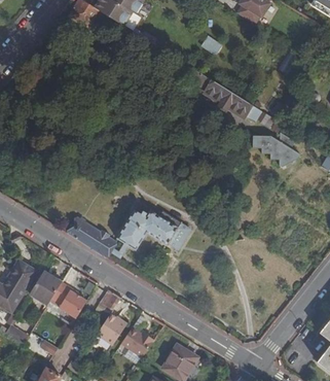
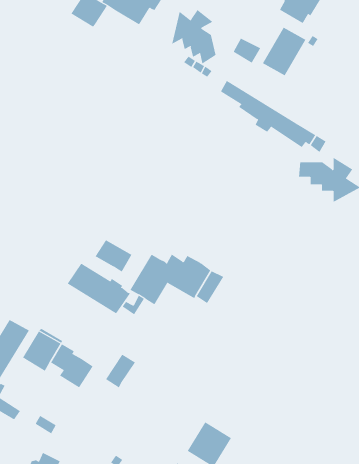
building: none -> [171,9,216,65]
building: none -> [262,27,306,76]
building: none -> [95,239,132,272]
building: [96,313,126,345] -> none
building: [120,326,154,356] -> none

